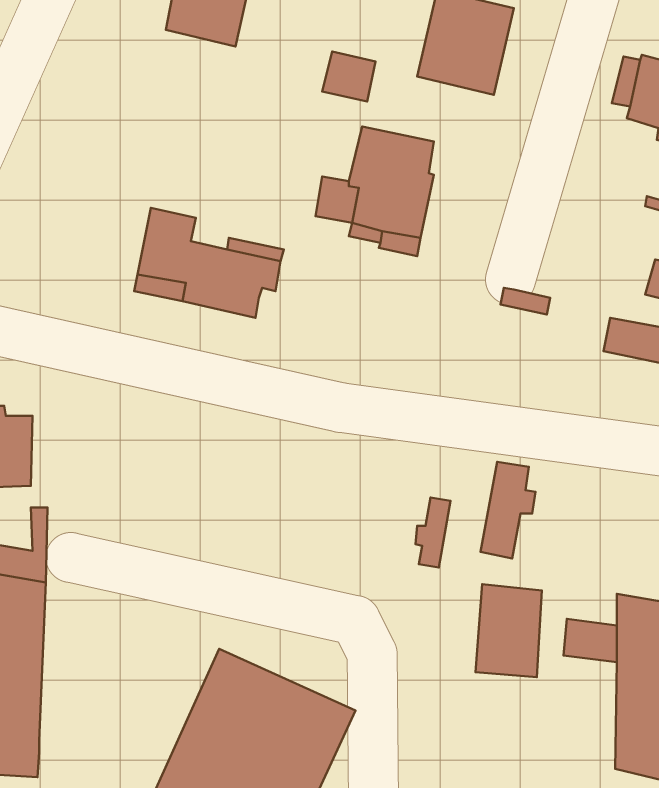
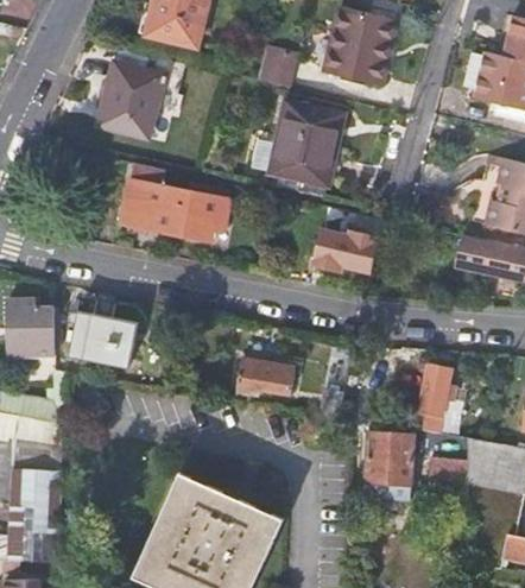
building: none -> [97,63,163,139]
building: none -> [309,226,377,277]
building: none -> [69,310,135,367]
building: [480,462,535,558] -> [416,363,455,432]
building: none -> [236,359,295,394]

